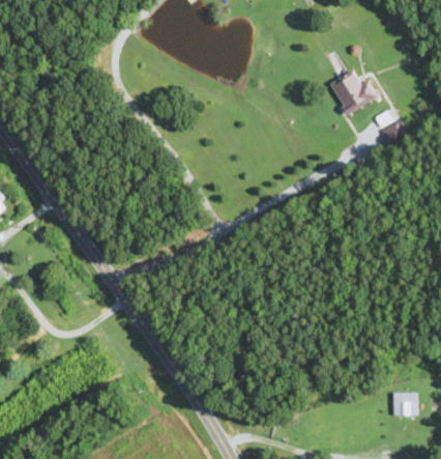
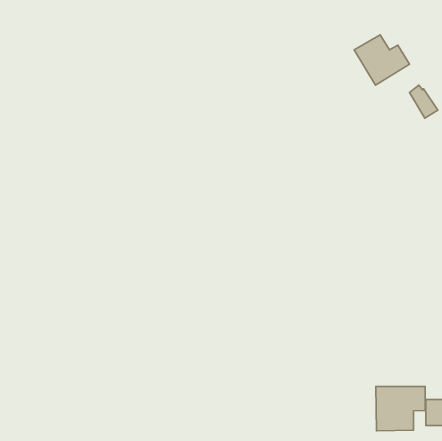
building: none -> [376,387,425,431]

